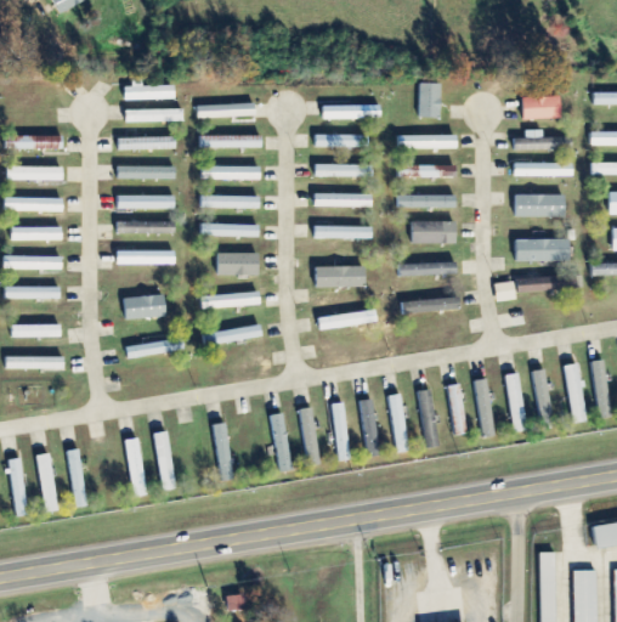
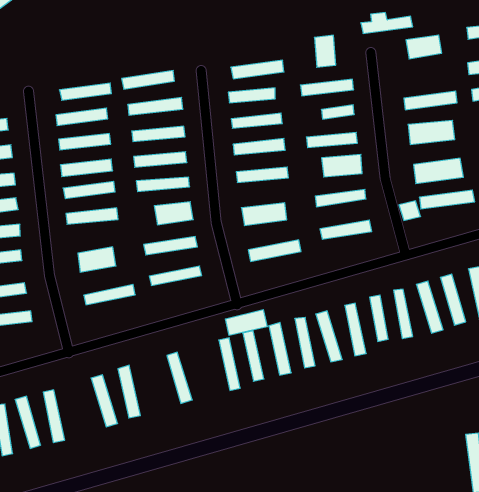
building: [125,78,175,98] -> none
building: [514,129,572,149] -> [361,13,413,33]
building: none -> [225,310,267,335]

